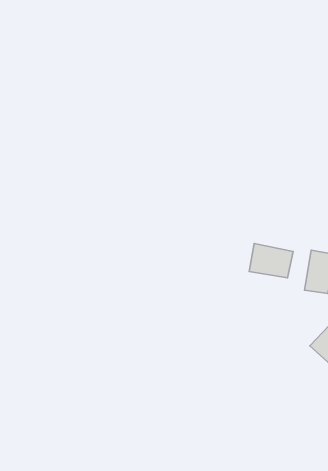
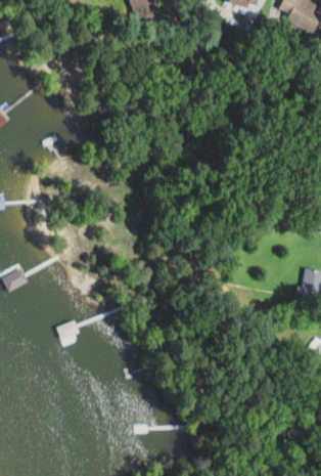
building: [249,244,293,278] -> none

